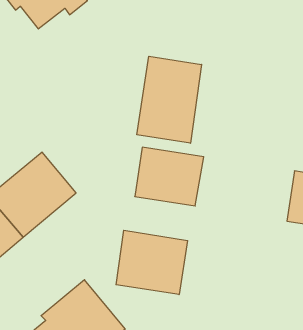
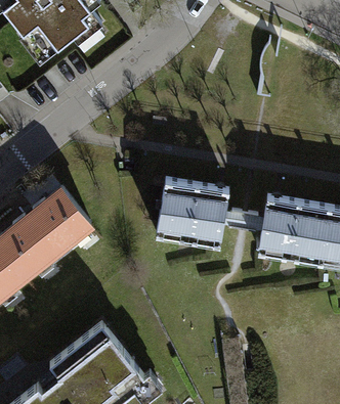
building: [137,56,202,143] -> none
building: none -> [259,197,328,261]
building: [116,230,188,295] -> none

